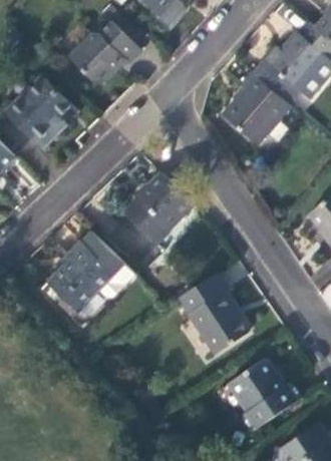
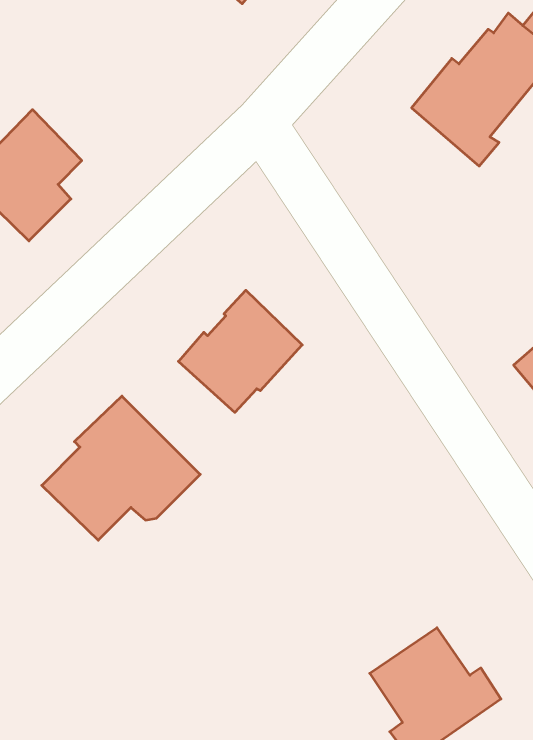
building: [68,20,140,82] -> none
building: [222,72,290,143] -> none
building: [179,274,248,355] -> none

